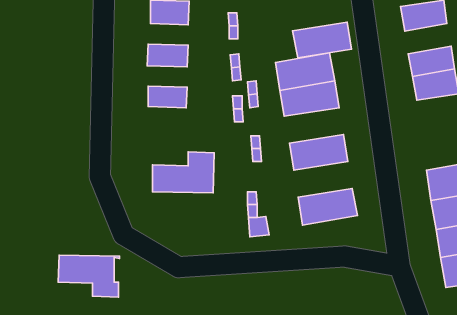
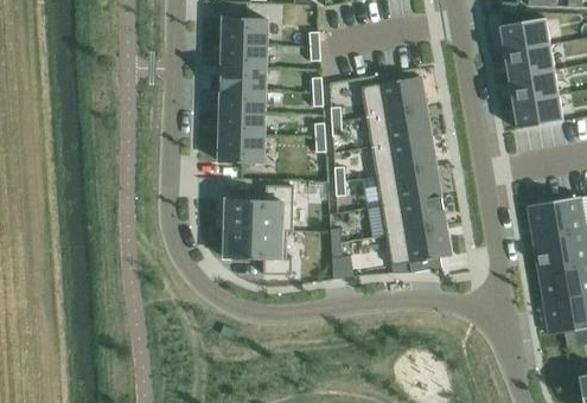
building: [292,22,352,58] -> [371,136,436,175]
building: none -> [222,44,266,68]
building: none -> [504,44,555,77]
building: none -> [221,90,264,114]
building: none -> [221,135,263,164]
building: none -> [382,196,446,235]
building: [58,255,120,297] -> [225,229,293,275]

